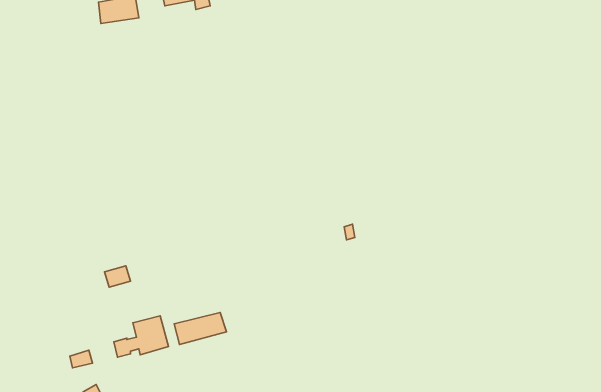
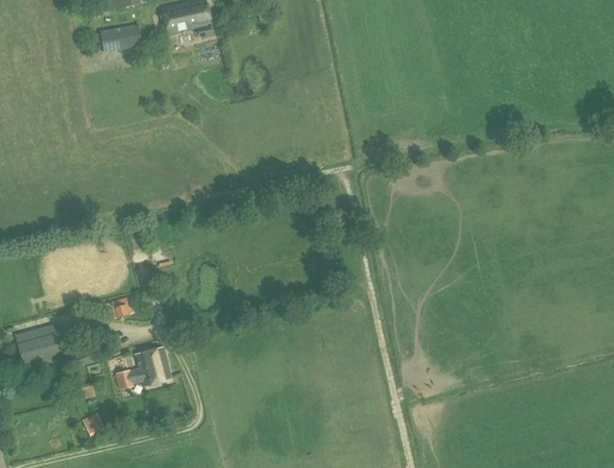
building: none -> [16,330,66,371]
building: [174,313,227,344] -> none

